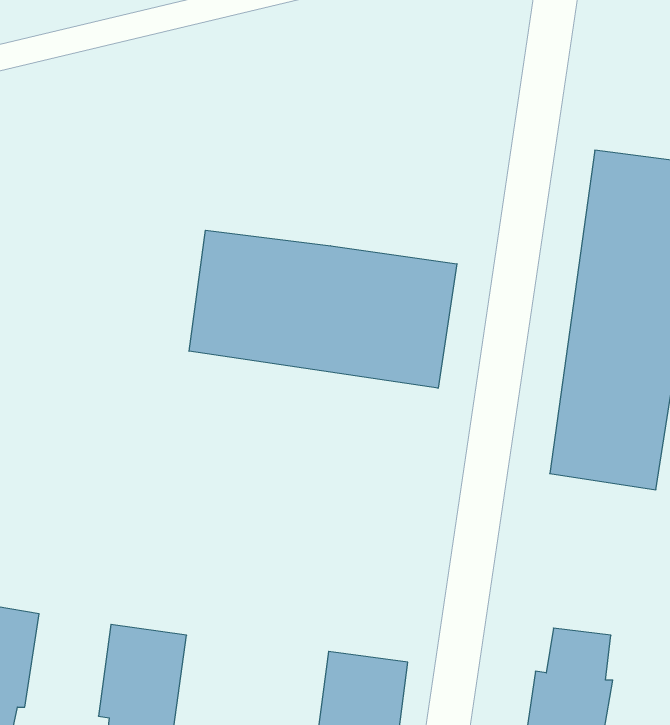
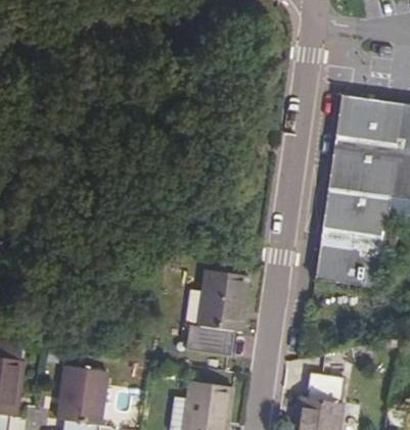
building: [189,230,457,388] -> none
building: none -> [195,272,250,356]

